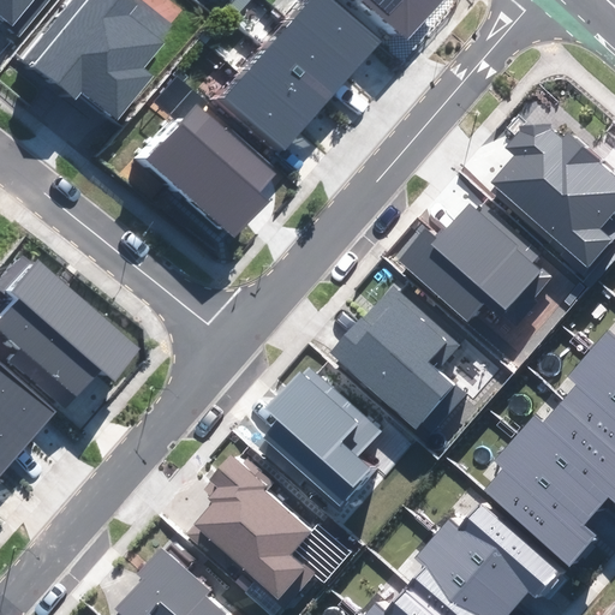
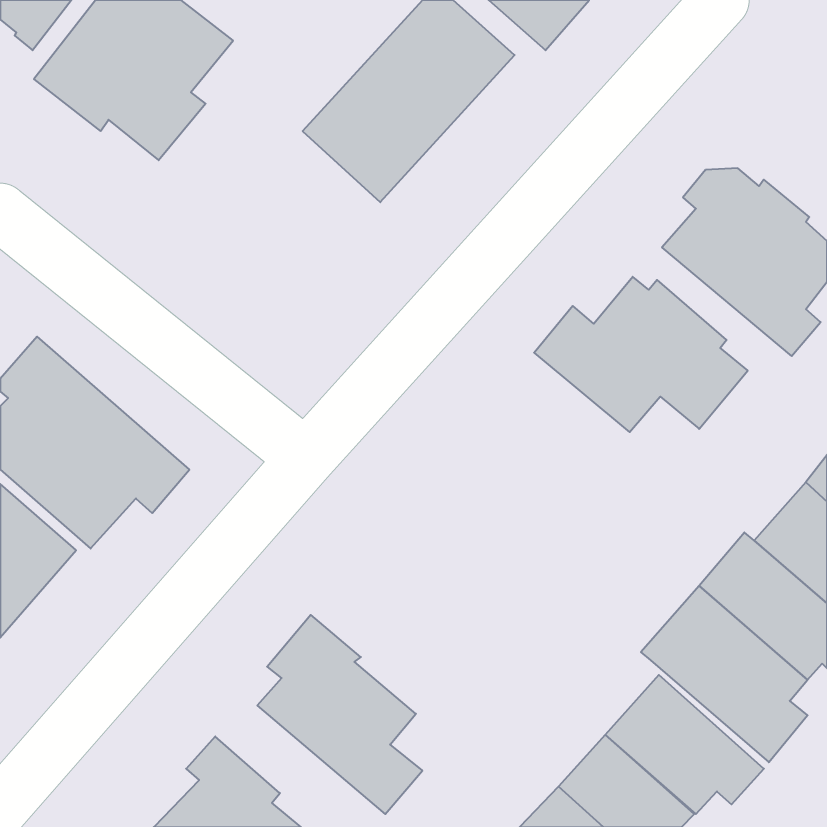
building: [145,103,282,238] -> none
building: [332,287,462,438] -> none
building: [262,369,381,506] -> none

